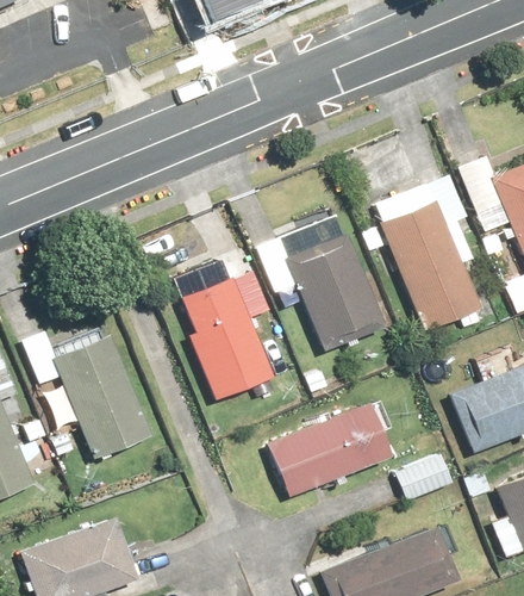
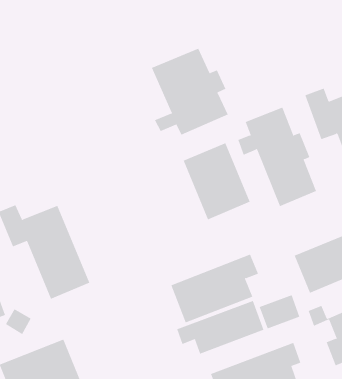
building: none -> [151,48,229,136]
building: [175,254,275,401] -> none
building: none -> [177,300,264,354]

